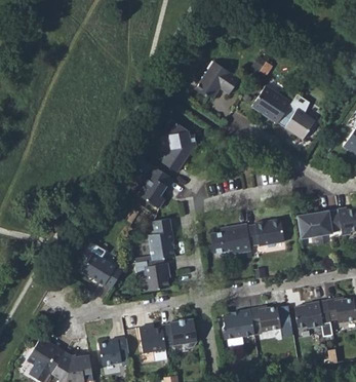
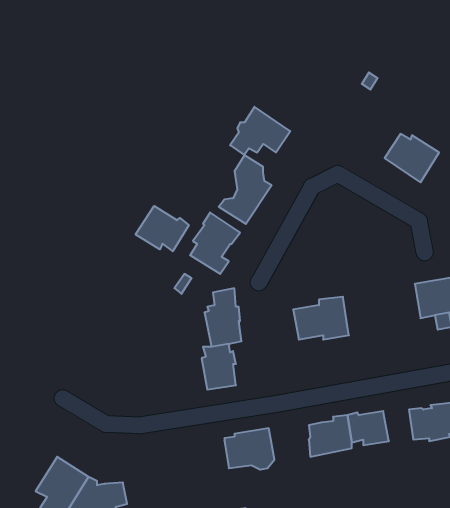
building: [197,61,240,95] -> [230,107,290,155]
building: [251,85,291,124] -> none
building: none -> [136,206,189,251]
building: [247,218,285,246] -> none
building: [80,254,122,286] -> none
building: [140,328,166,353] -> none
building: [98,338,128,368] -> none

